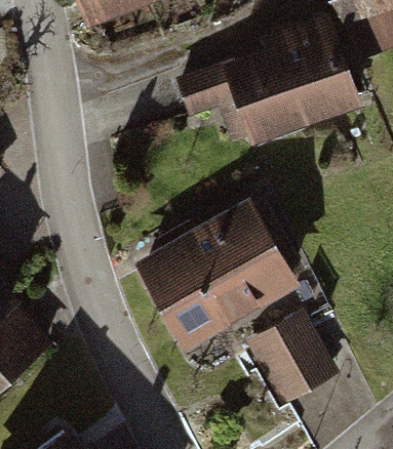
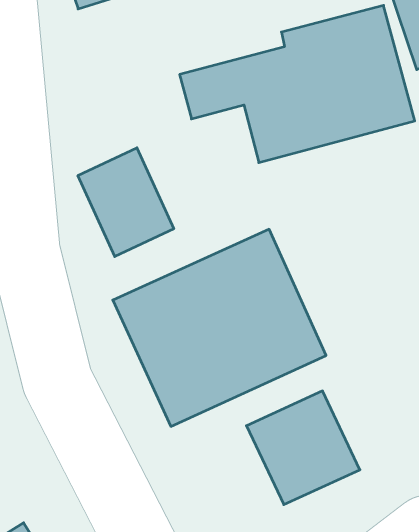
building: none -> [78,148,174,257]

